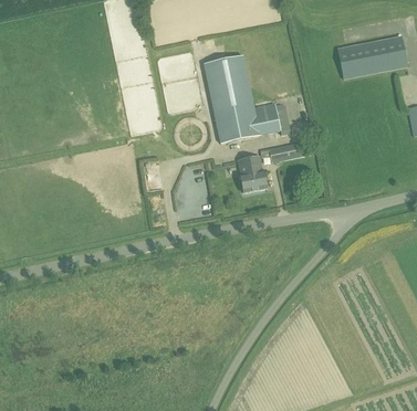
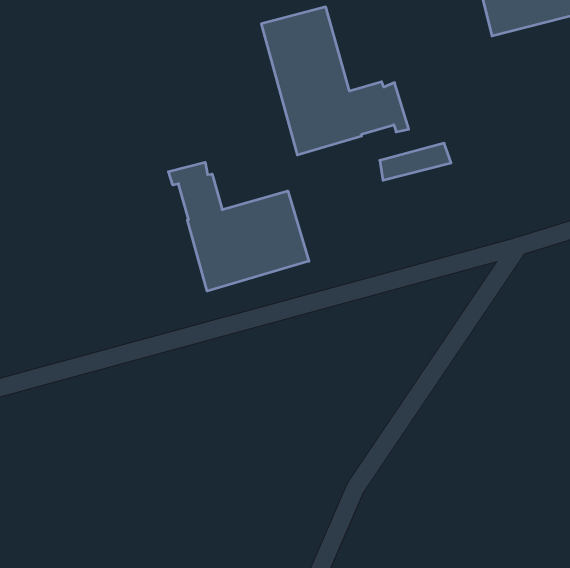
building: none -> [168,162,309,291]
building: [238,156,267,192] -> none

